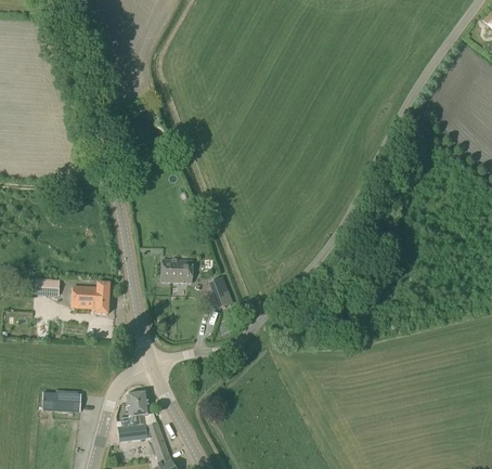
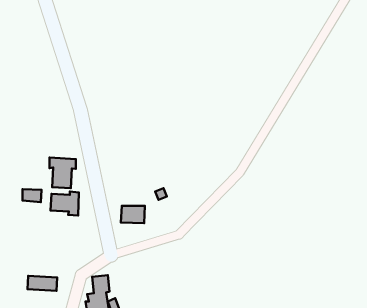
building: none -> [49,157,76,188]
building: [160,259,192,282] -> [121,206,145,223]

